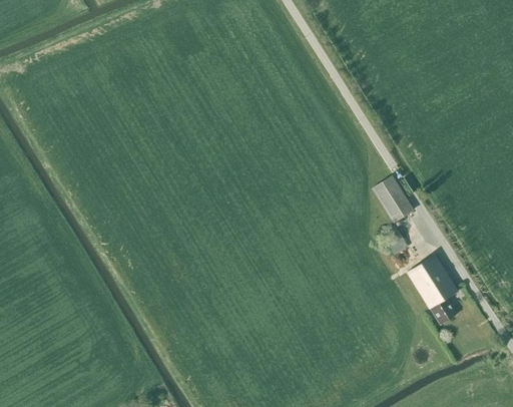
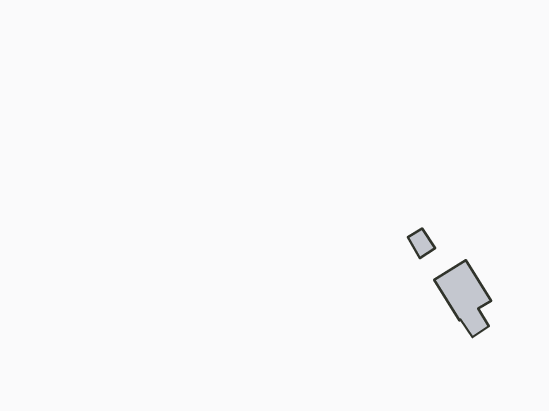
building: [371,174,413,222] -> none

